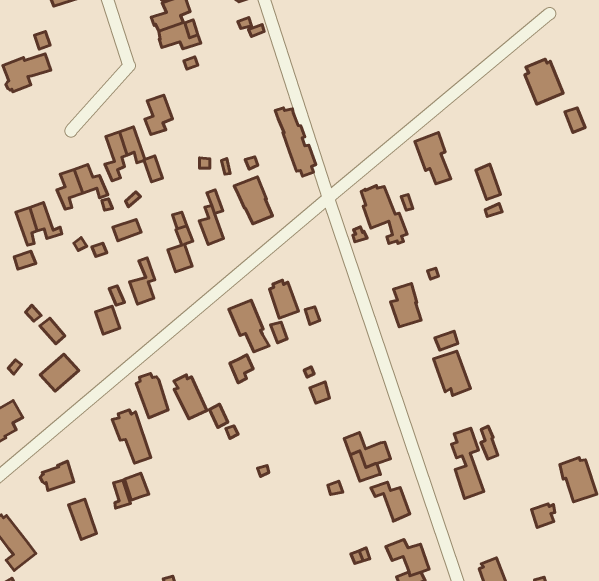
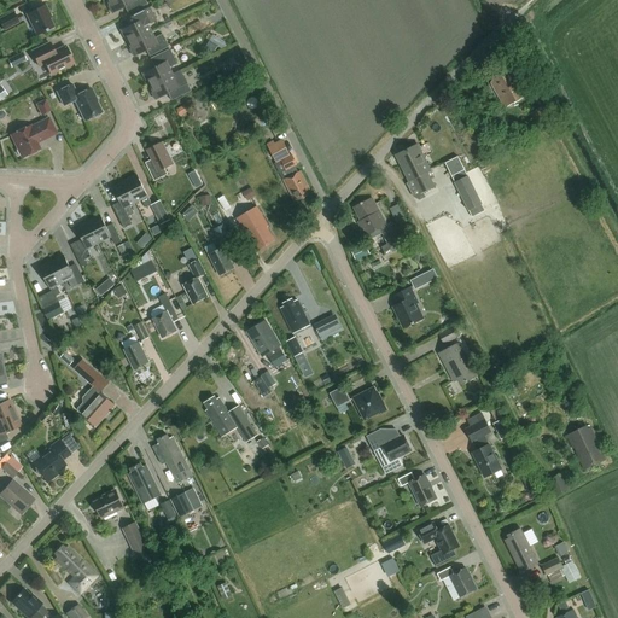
building: none -> [57,83,101,121]
building: [136,373,168,418] -> [128,462,161,503]
building: none -> [352,385,387,419]

